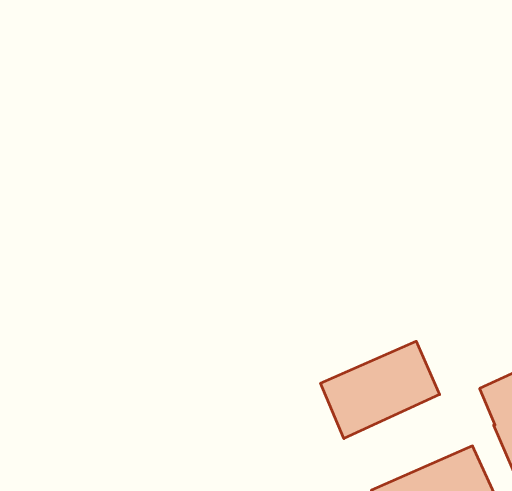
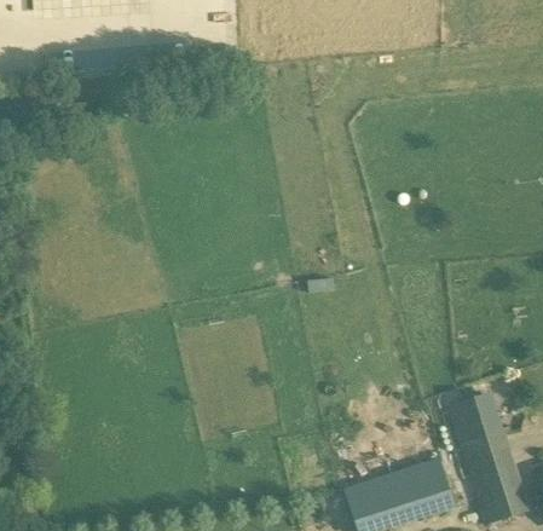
building: [321,341,440,439] -> none

